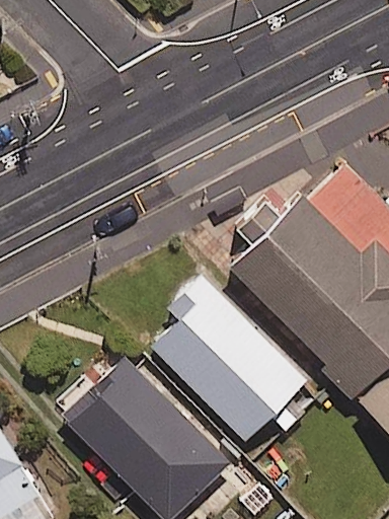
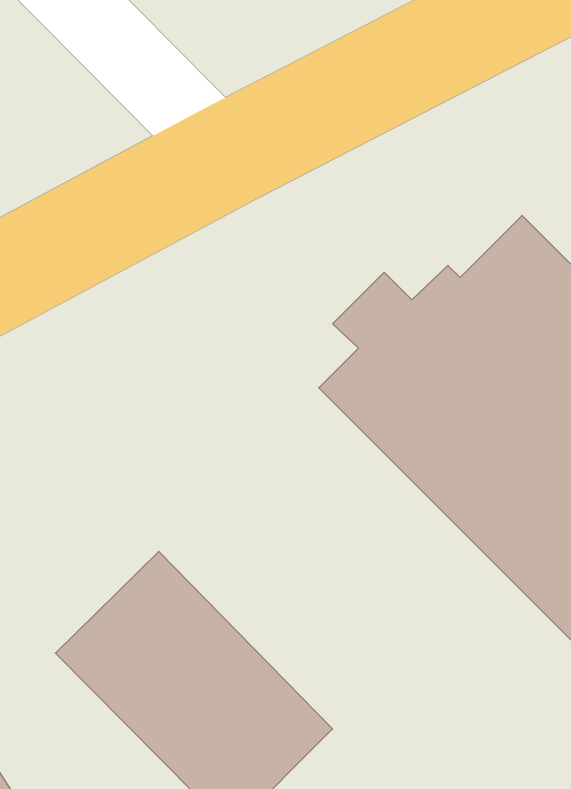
building: [143,277,302,436] -> none

